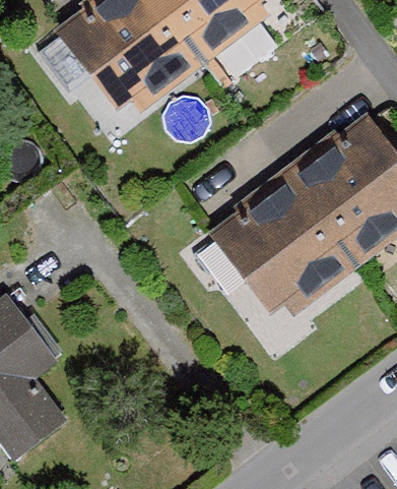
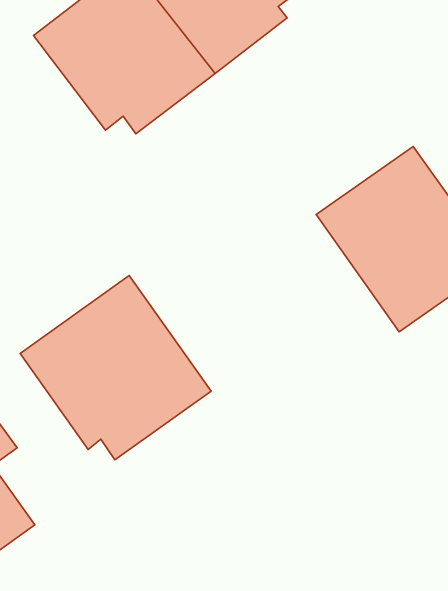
building: [212,175,357,311] -> none
building: none -> [20,276,211,460]

